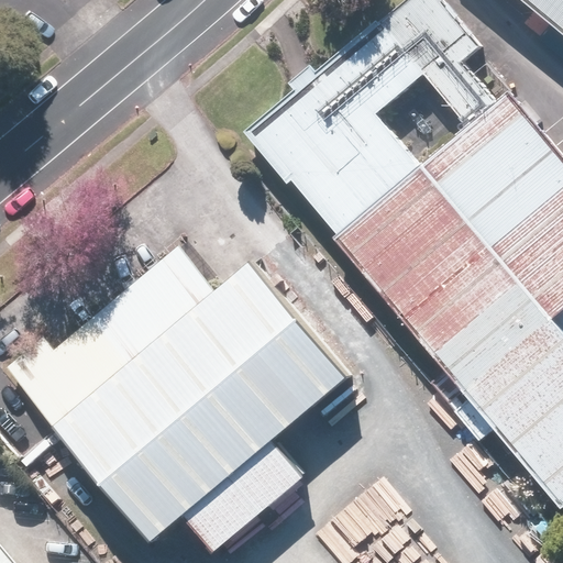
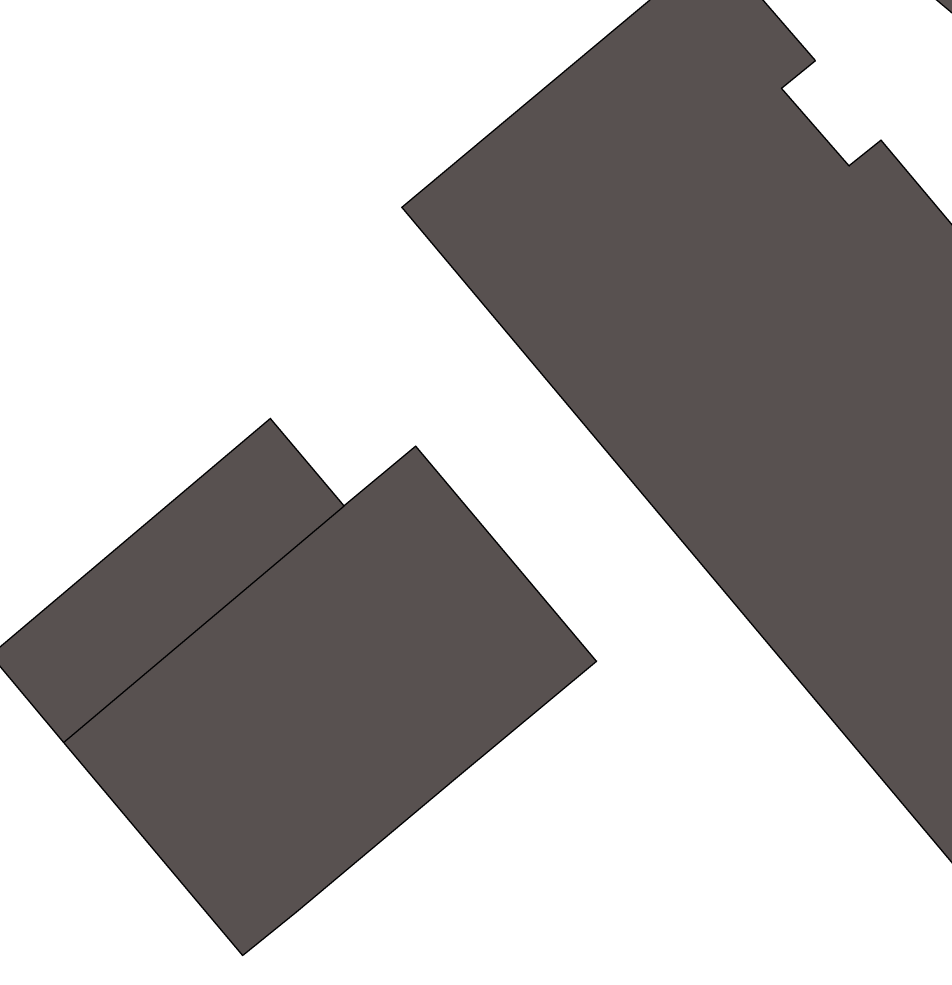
building: [189,448,306,555] -> none

